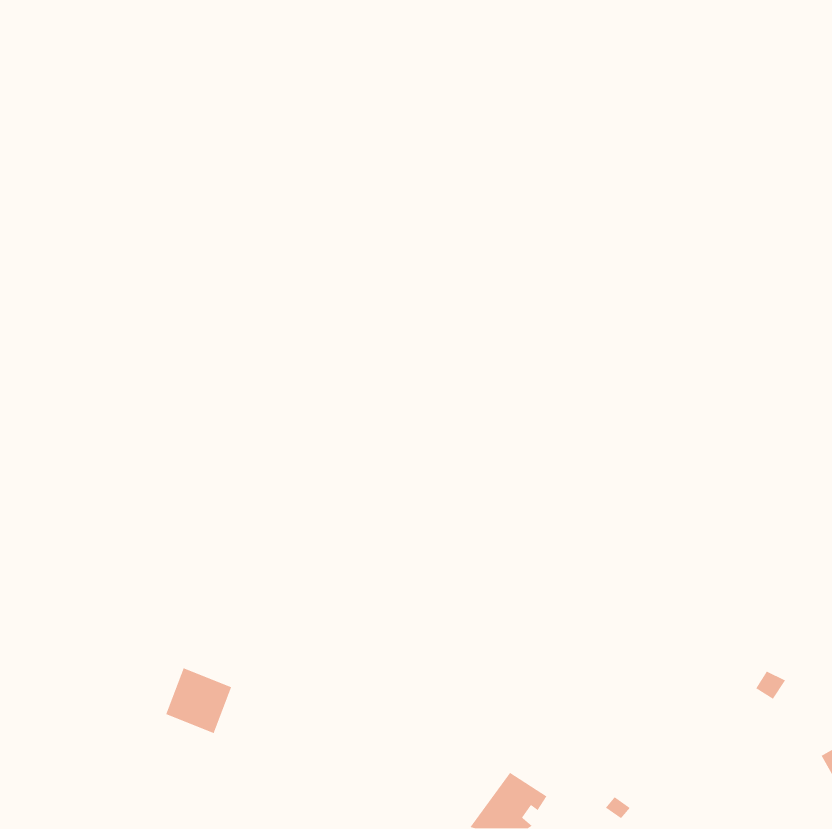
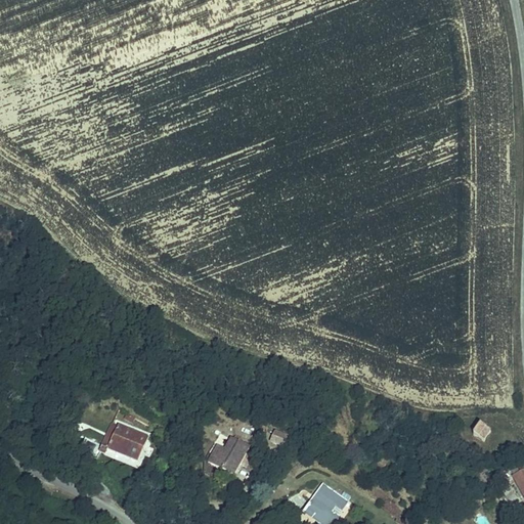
building: none -> [207,439,249,478]

